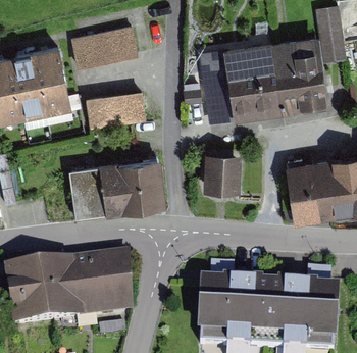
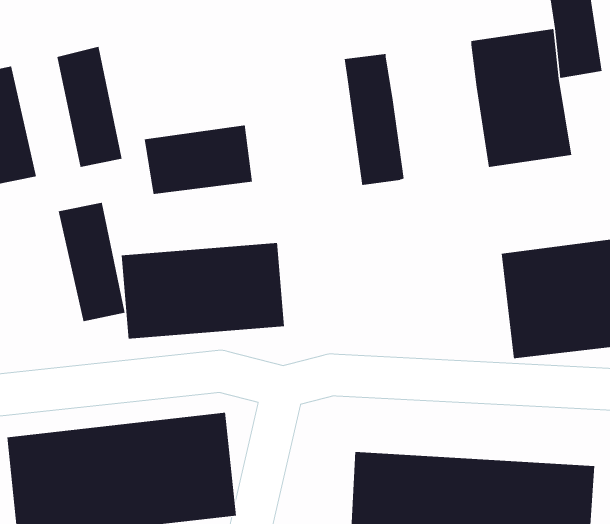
building: [69,26,138,69] -> none
building: [222,42,280,120] -> none
building: [8,51,47,119] -> [58,202,126,322]
building: [203,153,241,194] -> none

